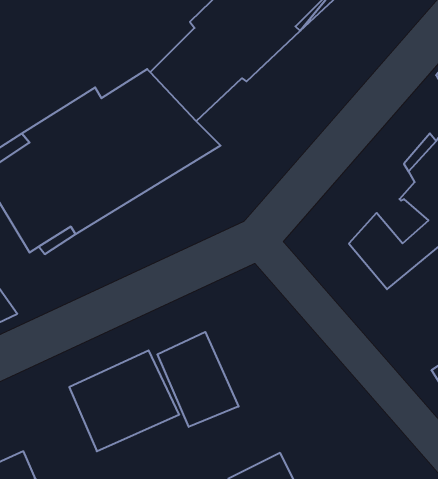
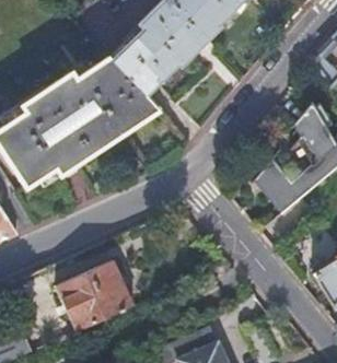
building: [157,332,239,427] -> none

